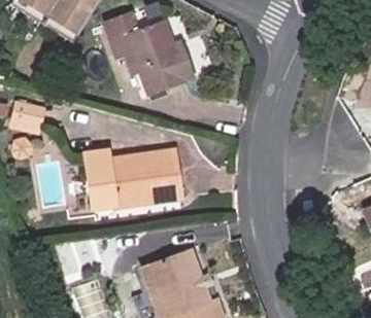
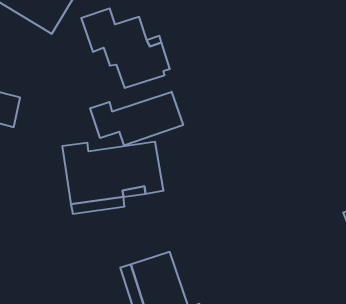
building: none -> [90,92,183,146]

